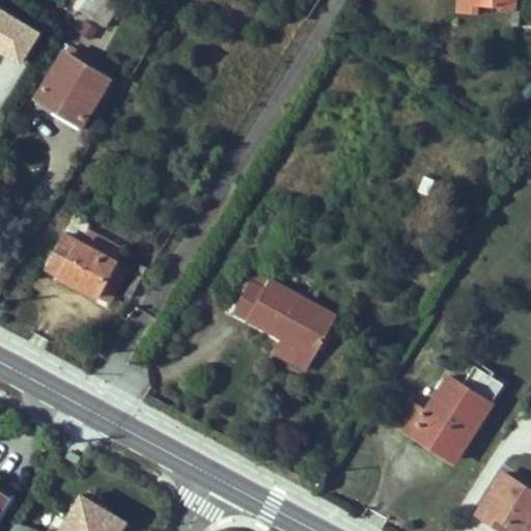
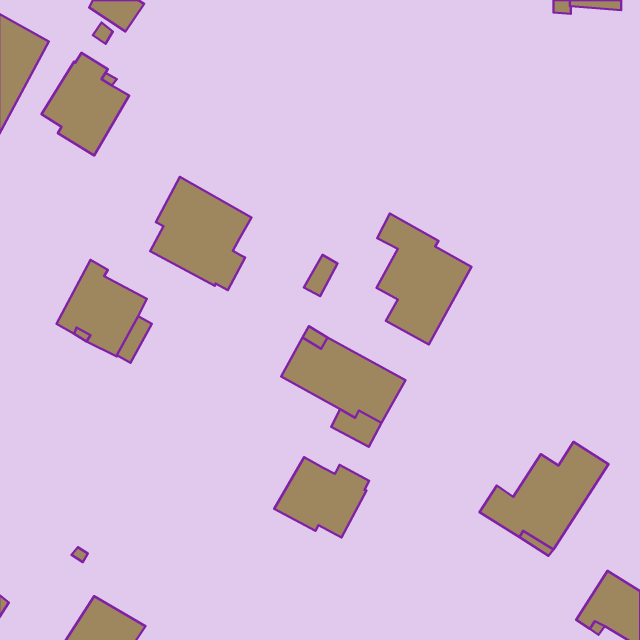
building: none -> [150,177,252,290]
building: none -> [376,214,471,345]
building: none -> [274,457,369,537]

